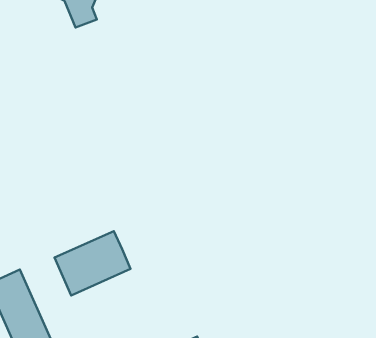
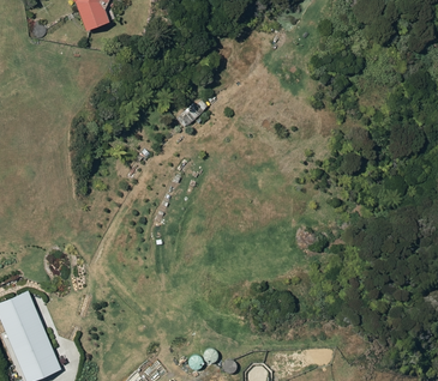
building: [54,231,131,295] -> none

